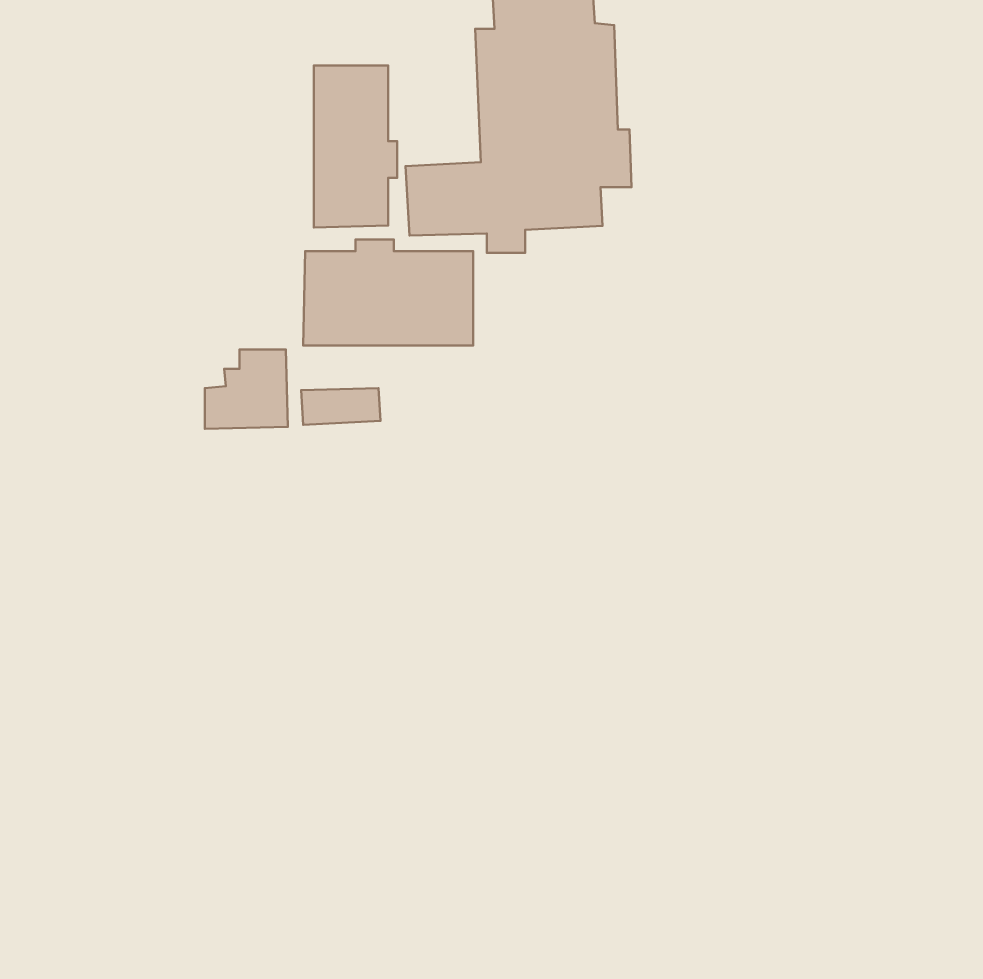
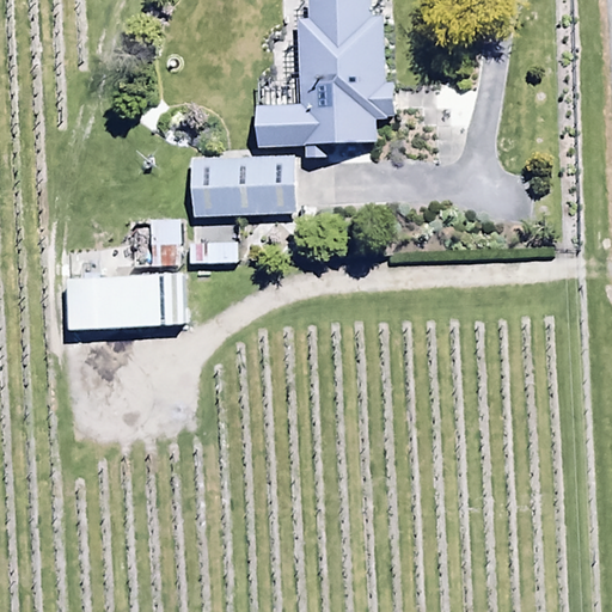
building: [314,66,397,227] -> none
building: none -> [68,275,186,332]

